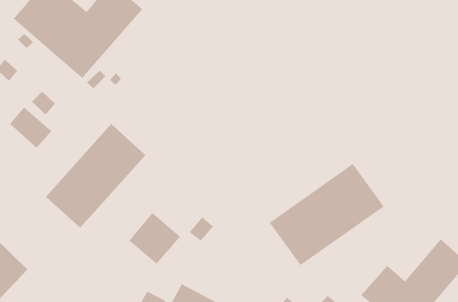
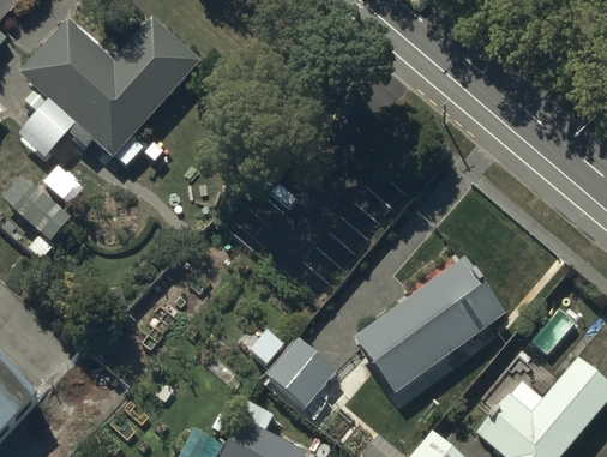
building: [45,123,146,229] -> none
building: [128,212,181,264] -> [269,337,337,405]

